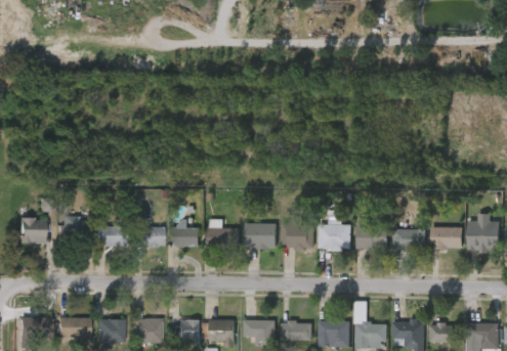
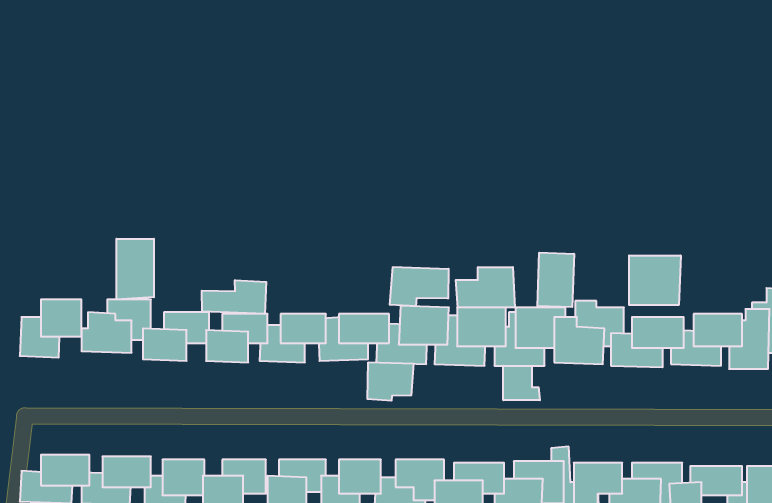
building: none -> [116,239,154,299]
building: none -> [537,253,574,307]
building: none -> [629,255,681,305]
building: none -> [390,267,449,306]
building: none -> [456,267,515,307]
building: none -> [202,280,266,314]
building: none -> [367,362,413,401]
building: none -> [503,366,540,400]

